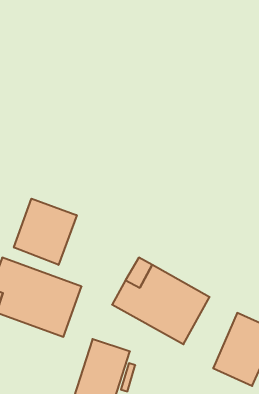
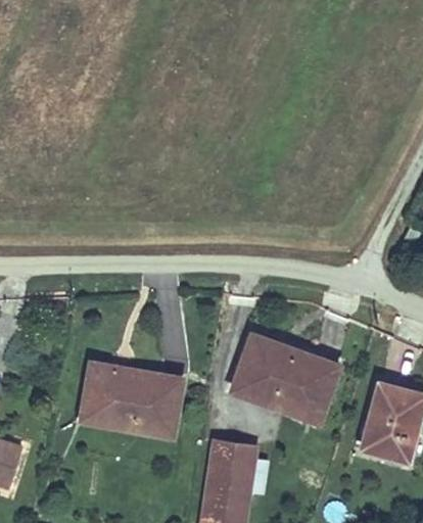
building: [14,199,77,265] -> none

